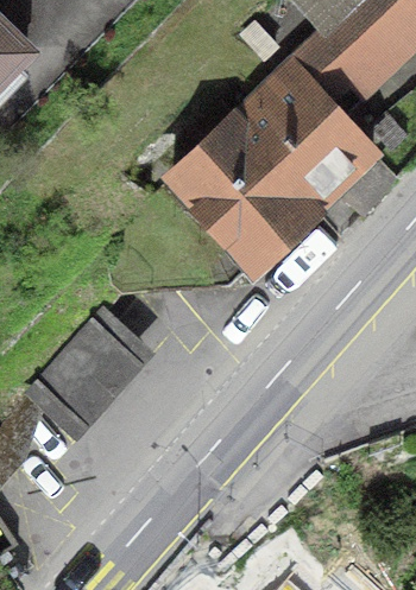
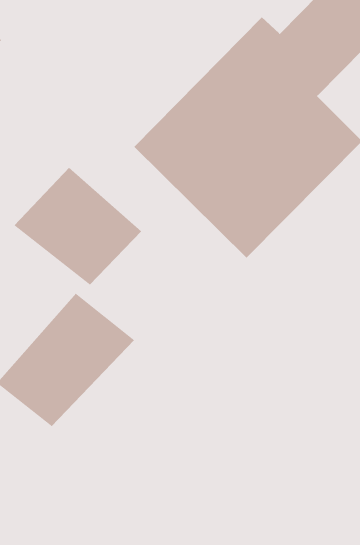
building: none -> [14,167,142,286]

